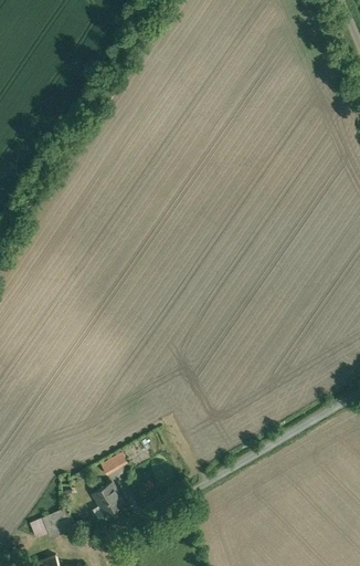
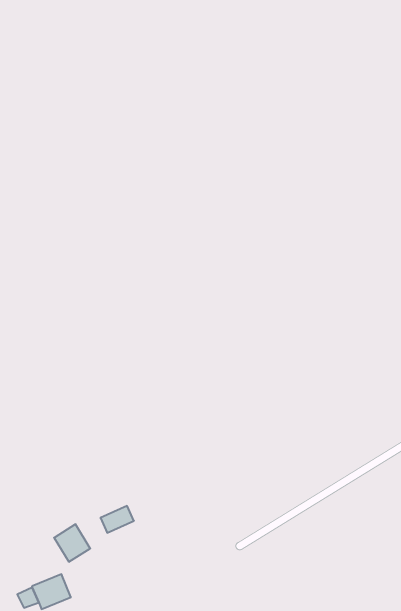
building: [93,483,123,514] -> [54,524,90,562]

